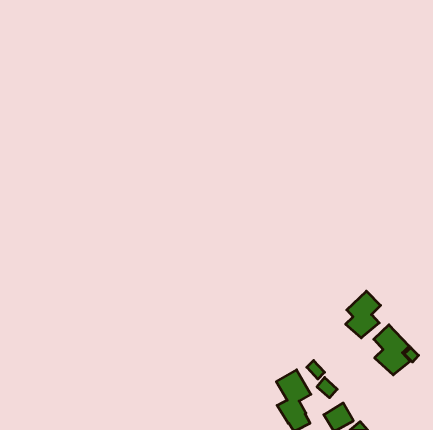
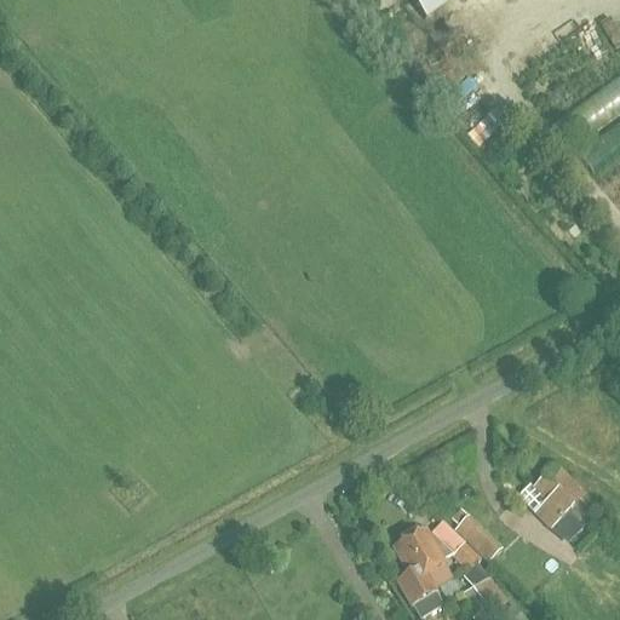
building: [346,291,381,338] -> none

